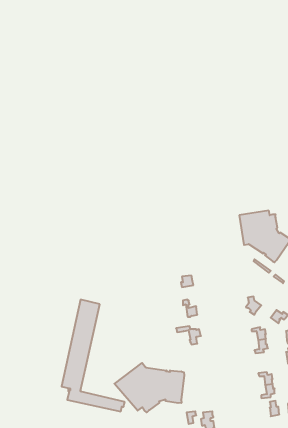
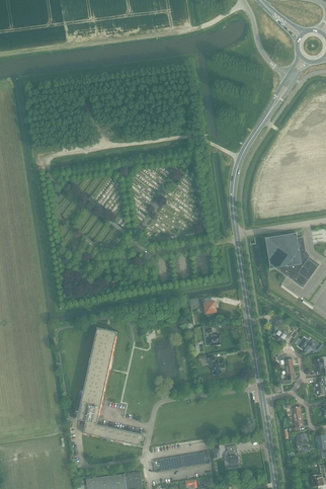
building: [114,363,184,412] -> none

